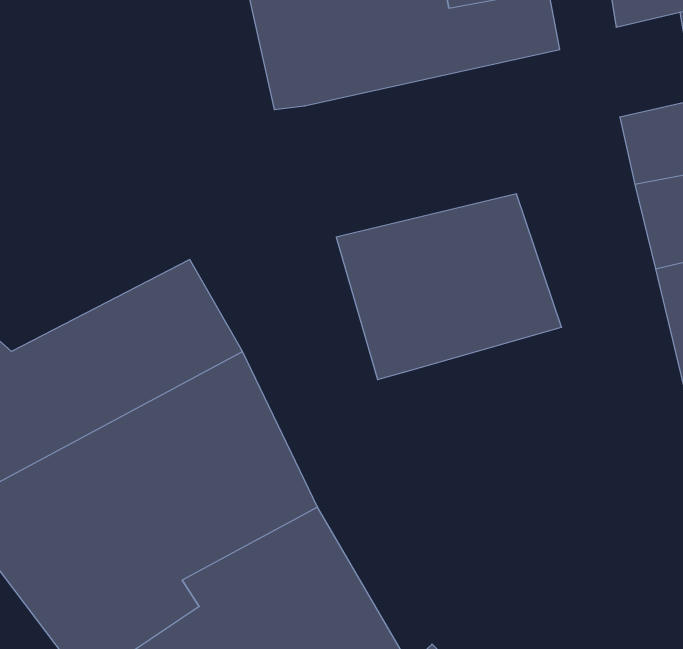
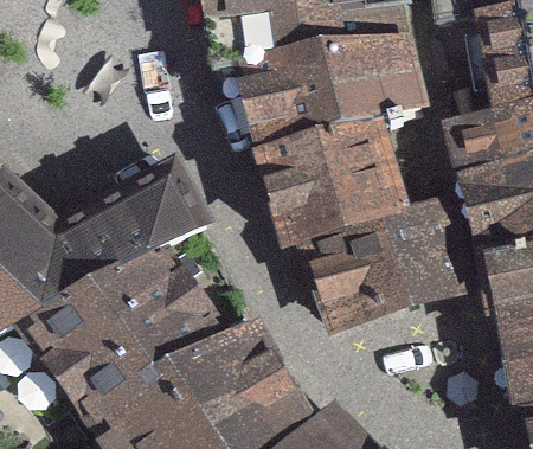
building: none -> [244,40,424,159]
building: none -> [307,205,469,328]

